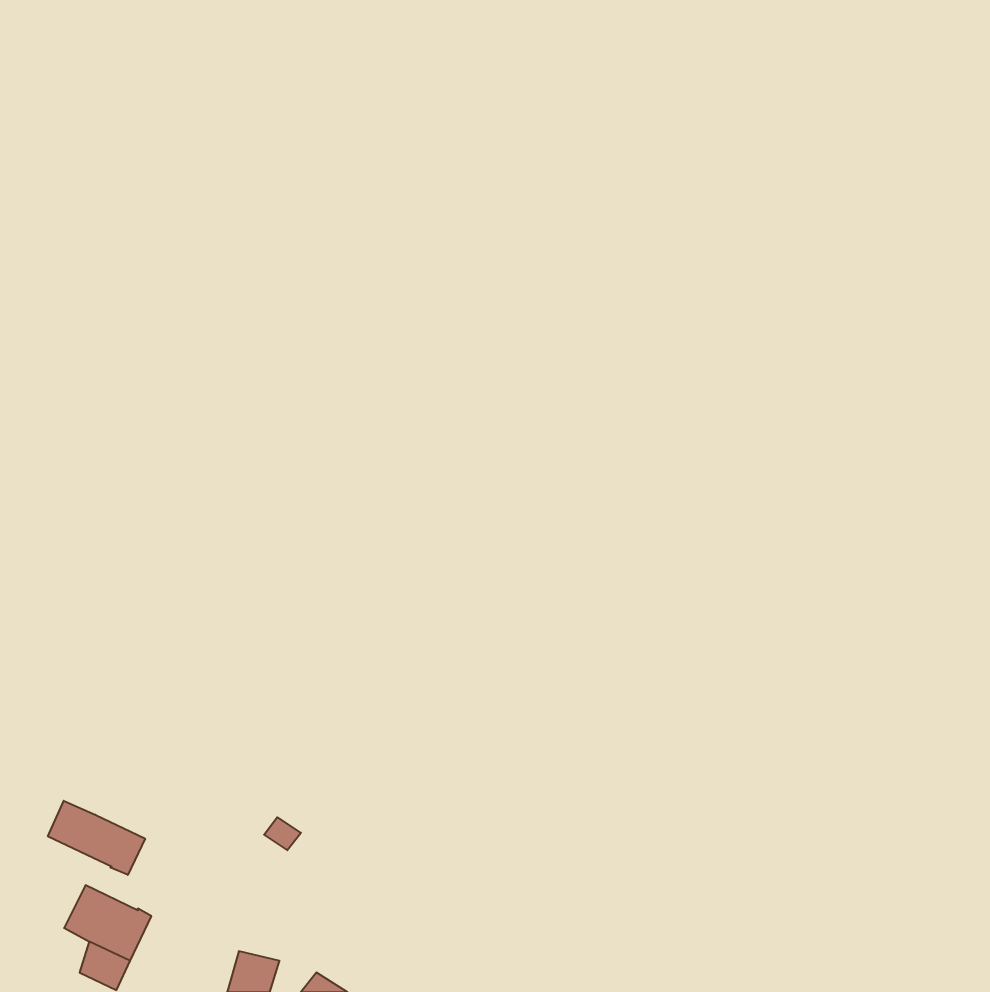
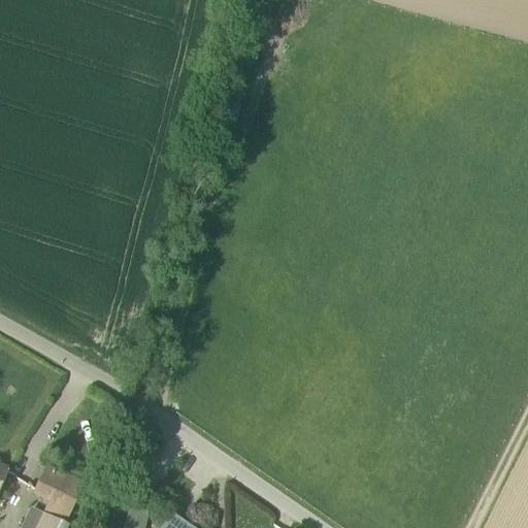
building: [48,801,145,875] -> none

